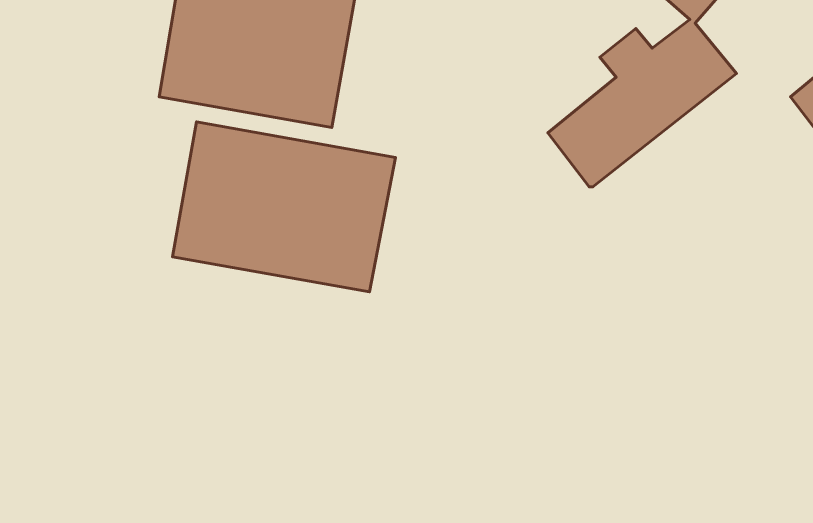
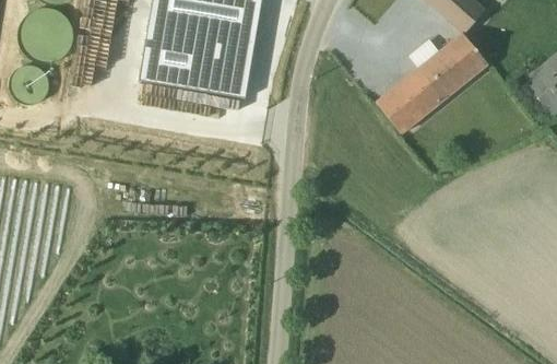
building: [173,122,395,292] -> none

